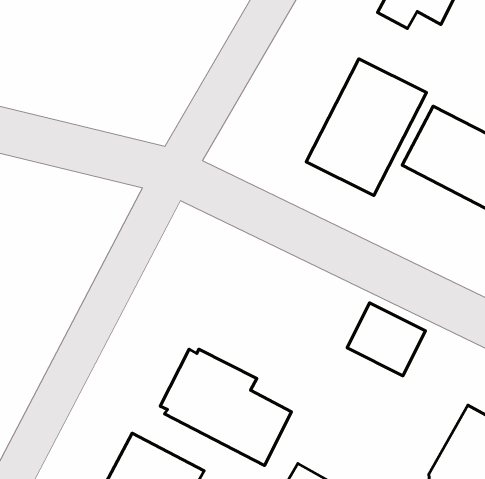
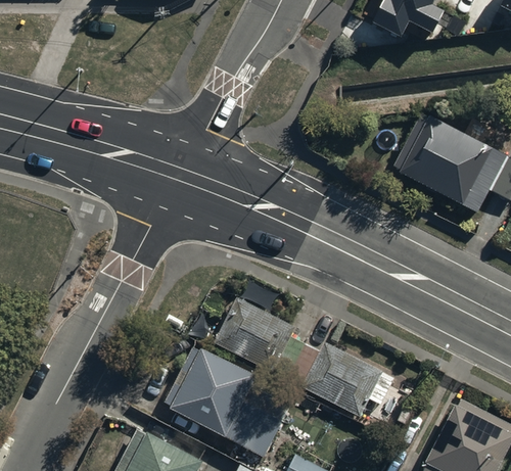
building: [306,59,427,195] -> none
building: none -> [216,300,294,374]
building: [347,303,426,376] -> [305,345,379,415]

